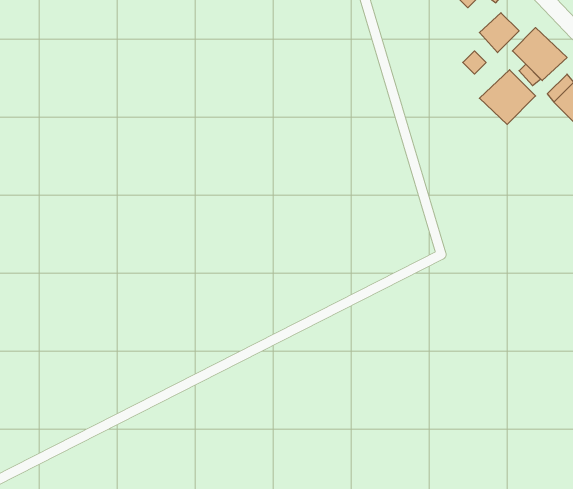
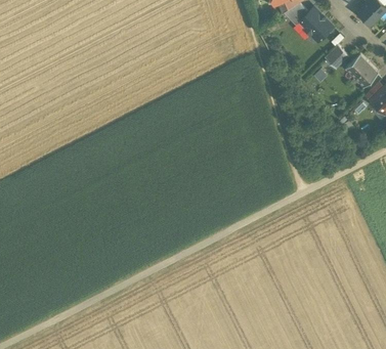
building: [479,70,536,124] -> none

